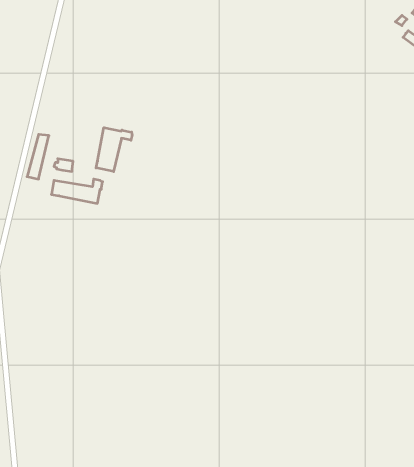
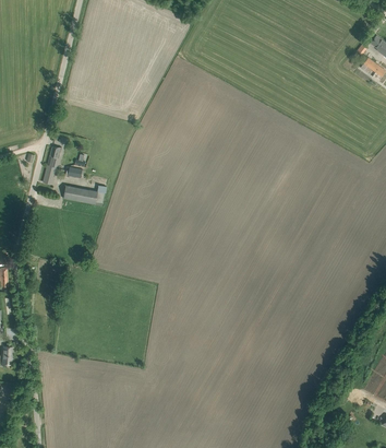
building: [96,128,132,172] -> none

